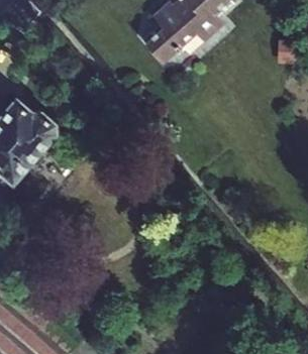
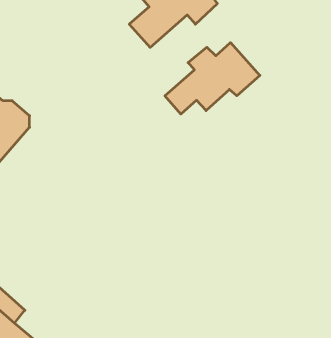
building: none -> [165,43,260,114]

